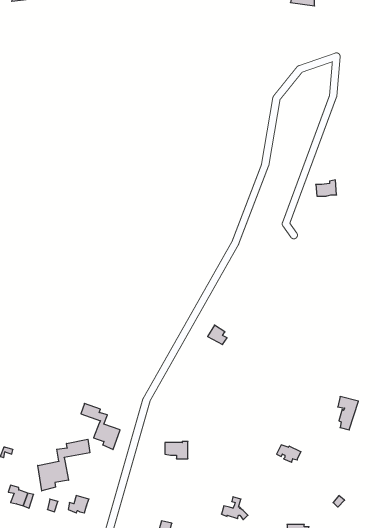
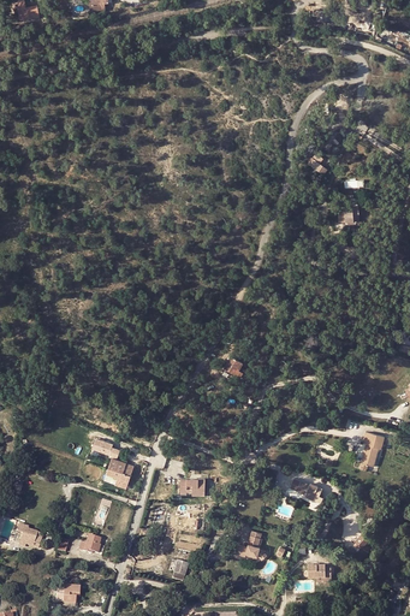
building: [38,439,90,491] -> none

